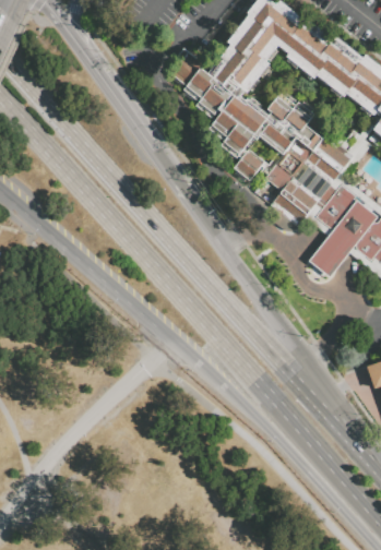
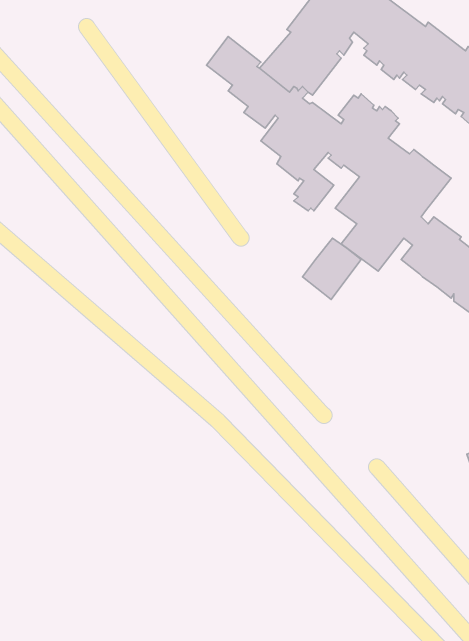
building: [309,230,354,277] -> [303,238,361,300]

